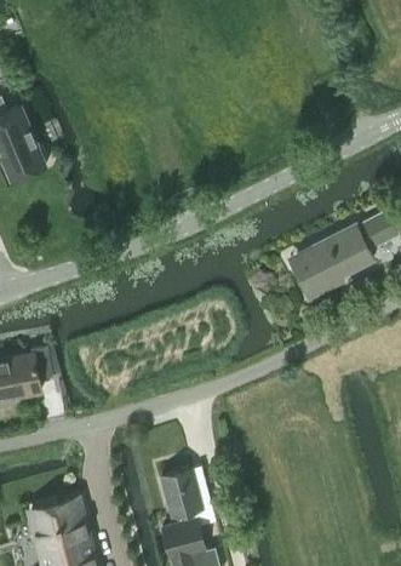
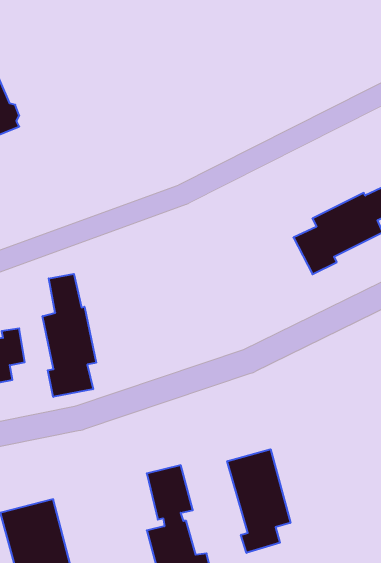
building: none -> [43,274,96,397]
building: none -> [227,449,290,553]

